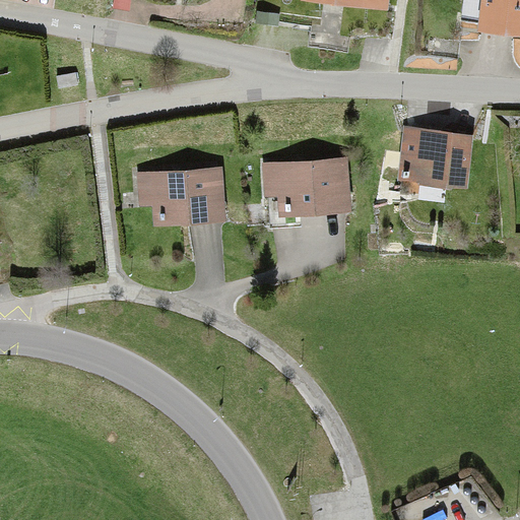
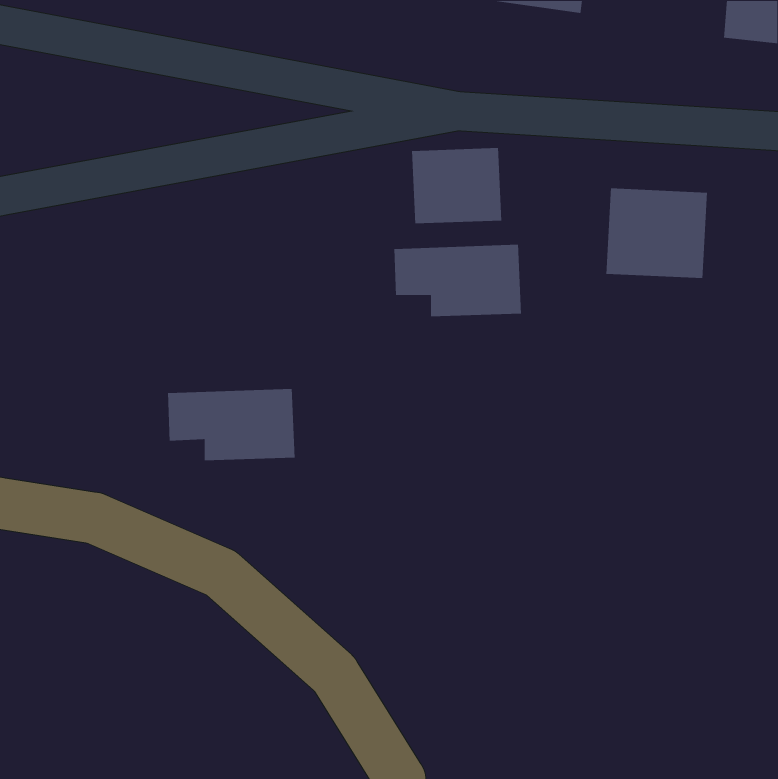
building: none -> [411,147,502,224]
building: [138,172,223,220] -> [167,388,295,461]

